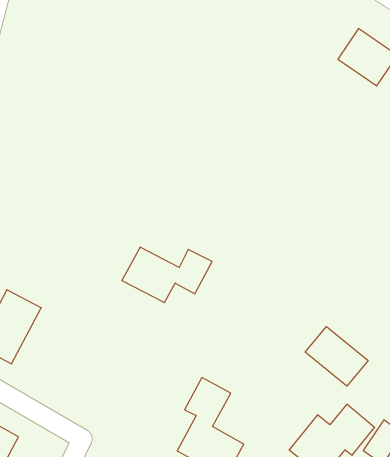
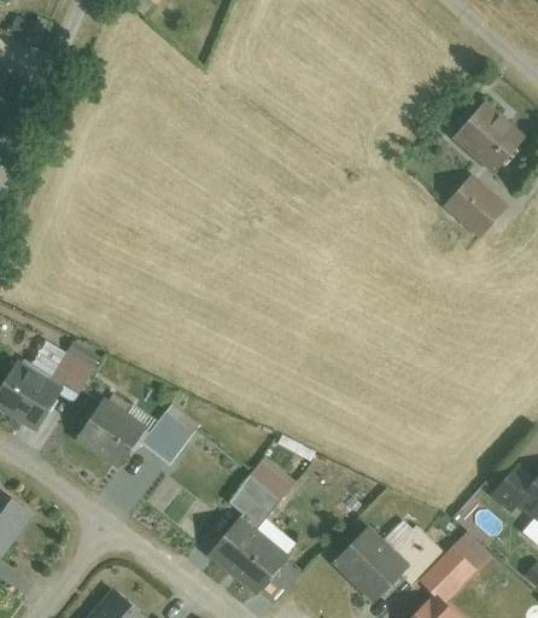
building: none -> [441,176,501,233]
building: [122,247,212,303] -> [83,397,189,465]
building: [305,327,368,386] -> none

